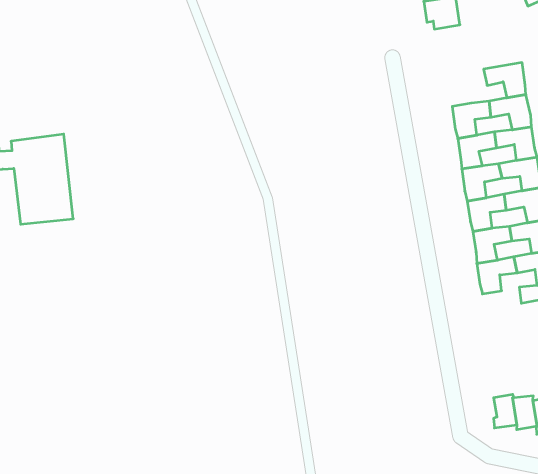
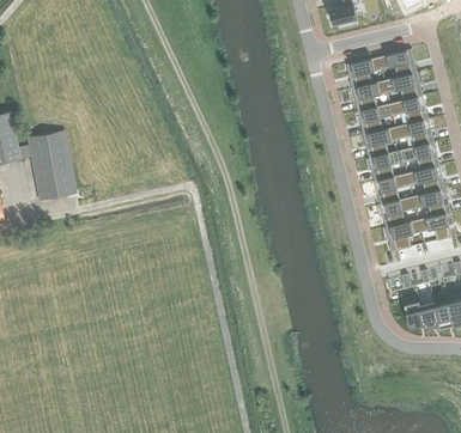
building: none -> [350,56,381,86]
building: none -> [389,219,419,250]

